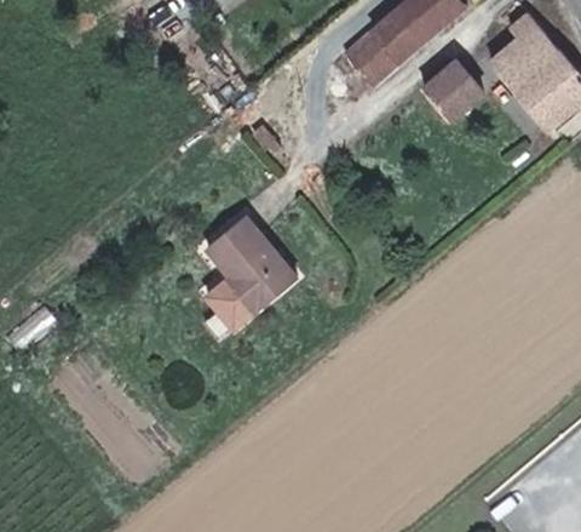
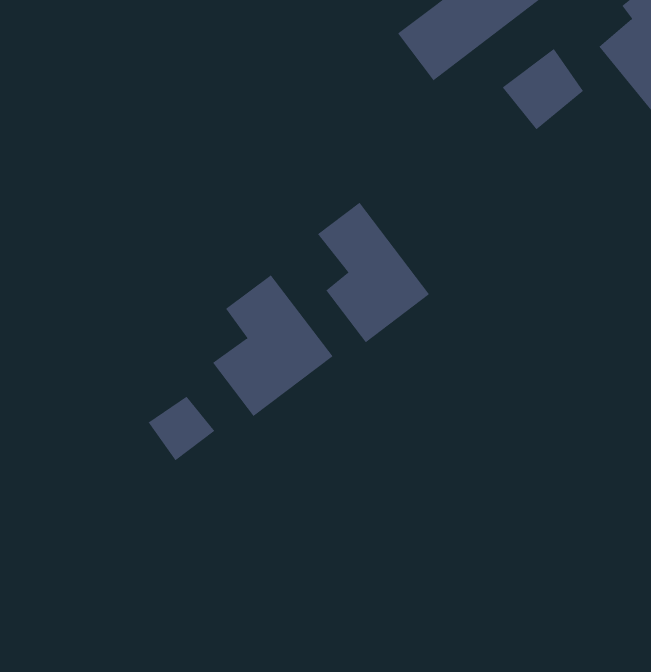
building: none -> [317,202,430,343]
building: none -> [148,396,215,461]

